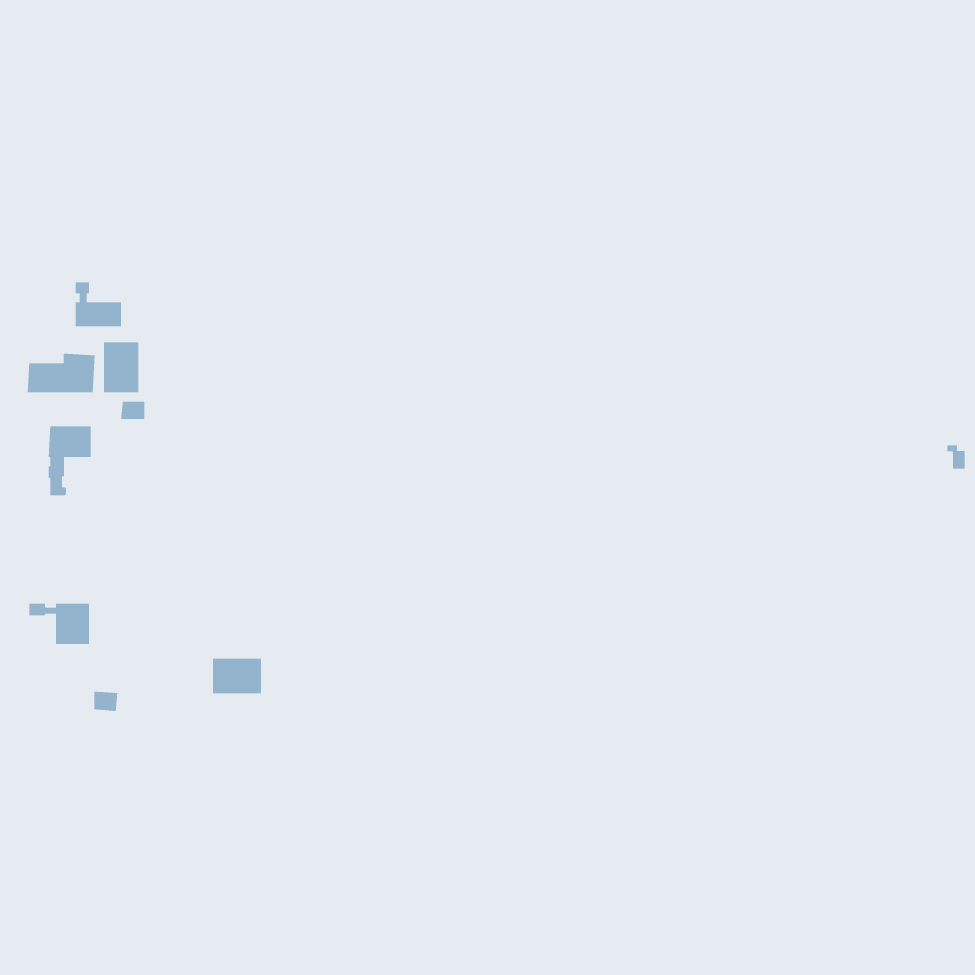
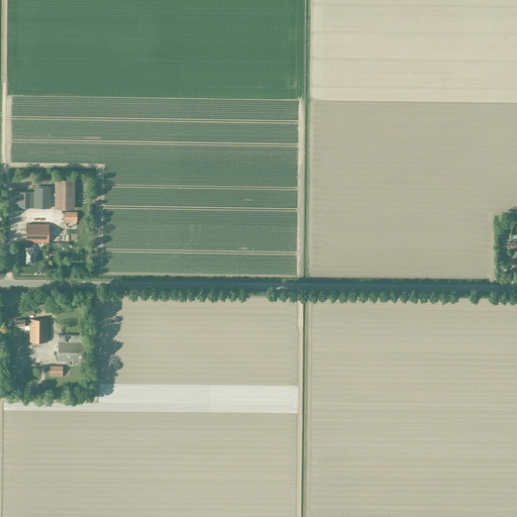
building: [75,281,122,327] -> none
building: [212,658,262,694] -> [58,341,84,360]

